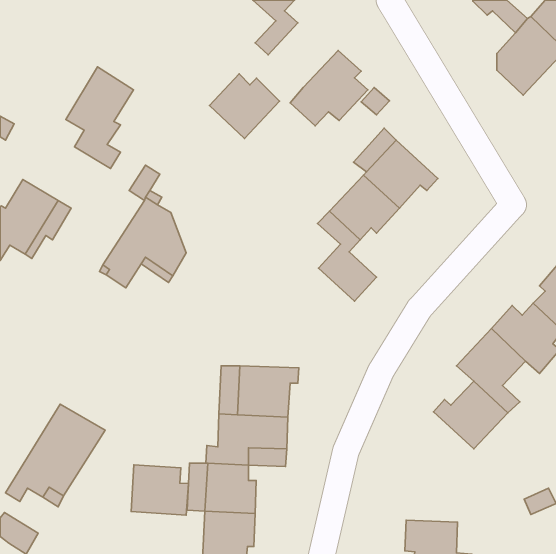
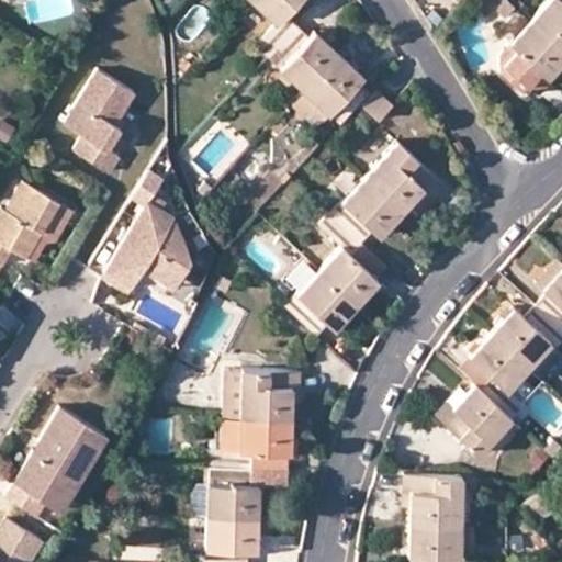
building: [209,74,280,138] -> [272,29,342,93]
building: none -> [290,274,359,338]
building: [131,465,188,515] -> none
building: none -> [403,477,463,529]

